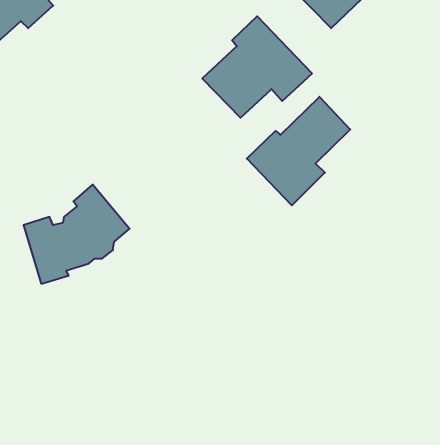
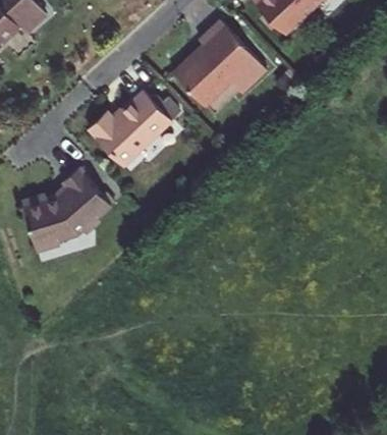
building: none -> [90,90,174,166]
building: [247,97,350,205] -> none

